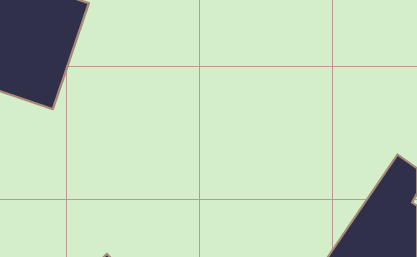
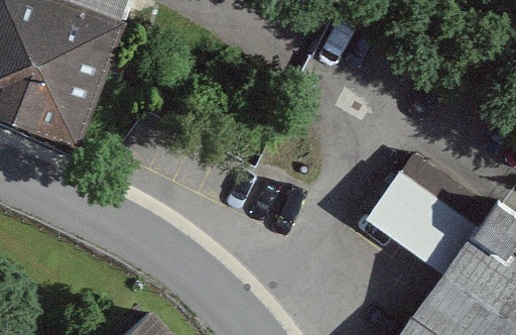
building: none -> [367,153,481,267]

